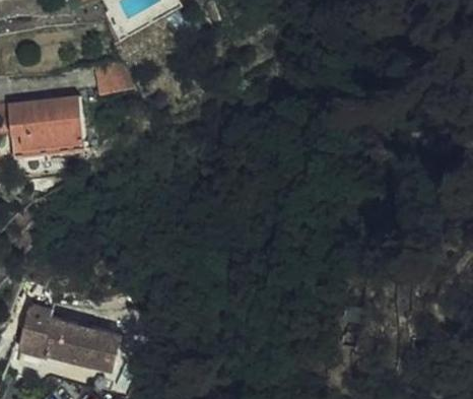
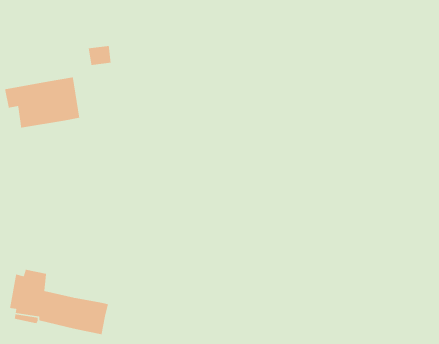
building: [10,127,89,159] -> none

